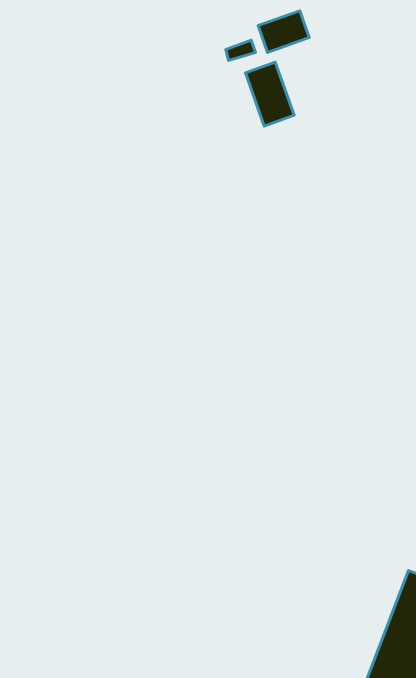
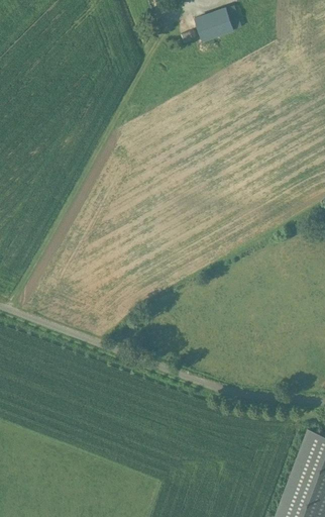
building: [245,62,294,126] -> none

